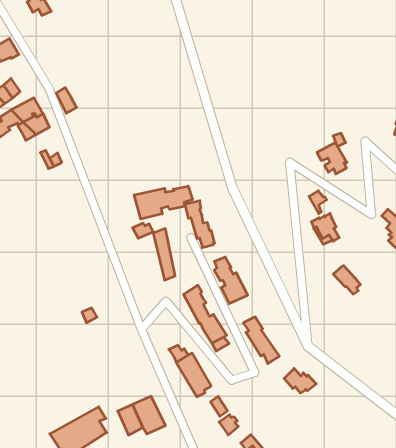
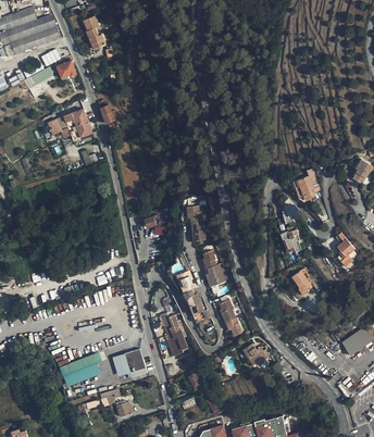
building: [134,186,192,219] -> none

